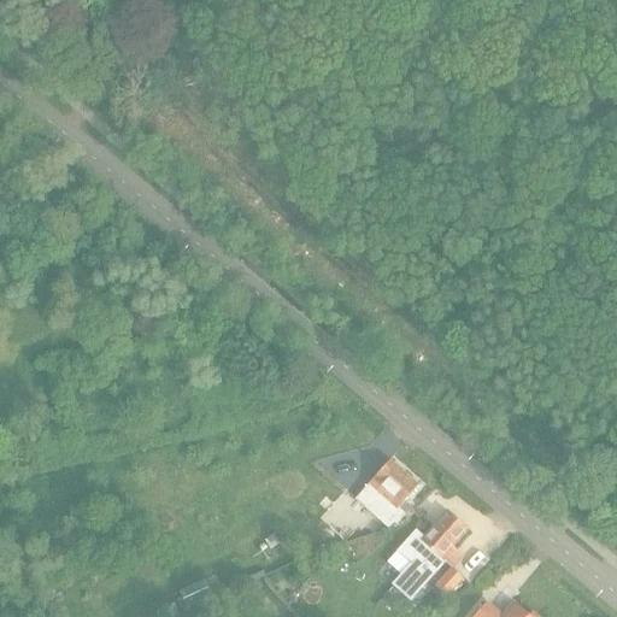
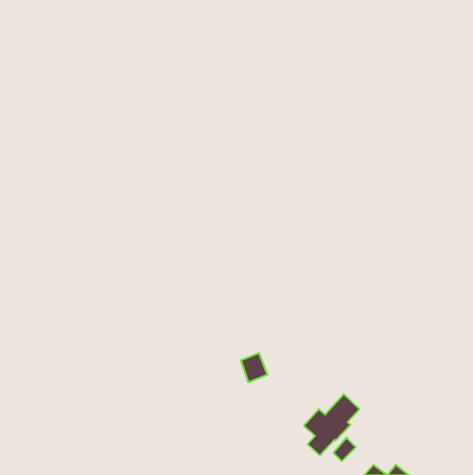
building: [366,459,419,524] -> none

